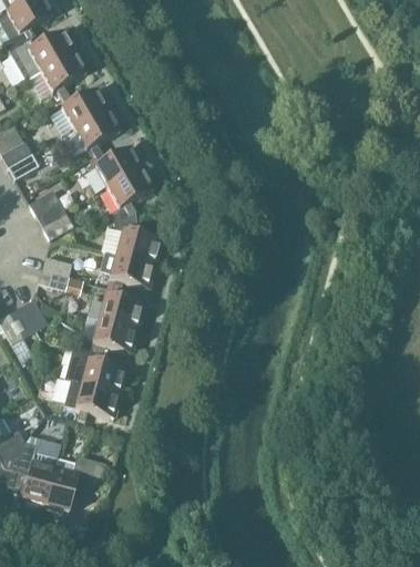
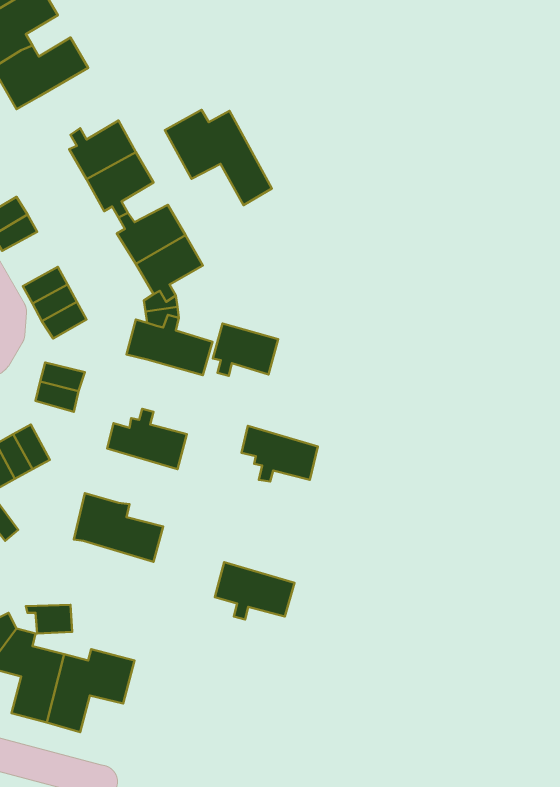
building: [40,50,86,96] -> none
building: none -> [165,110,272,205]
building: [109,252,154,289] -> [213,323,278,376]
building: [83,315,136,353] -> [241,426,318,482]
building: [64,379,120,419] -> [215,562,294,620]

